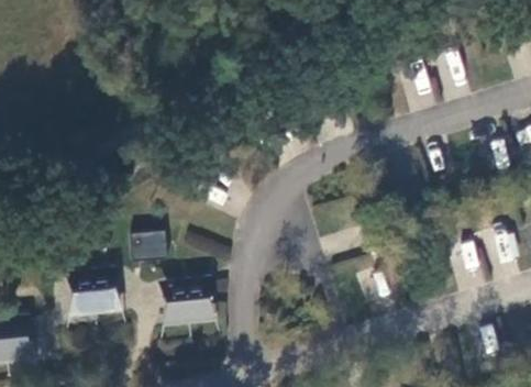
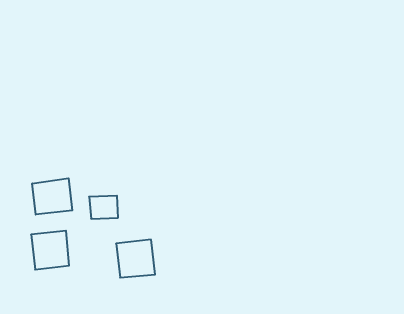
building: none -> [32,178,72,215]

